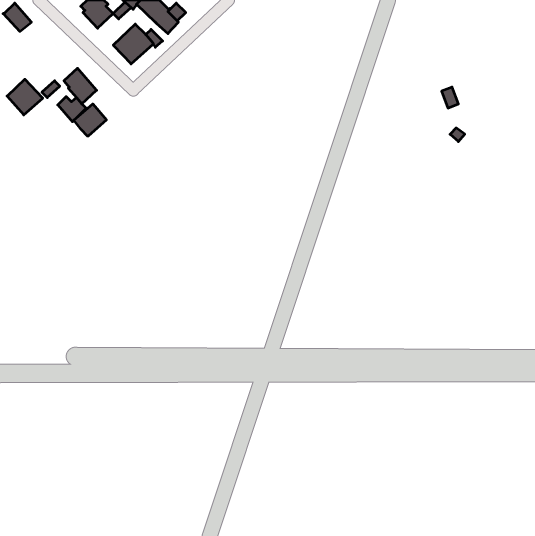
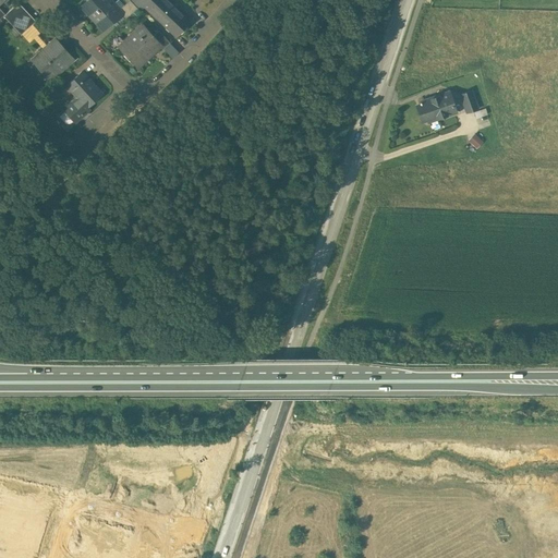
building: [7,79,43,115] -> [34,40,71,77]
building: none -> [418,92,454,122]
building: [74,104,106,136] -> none

